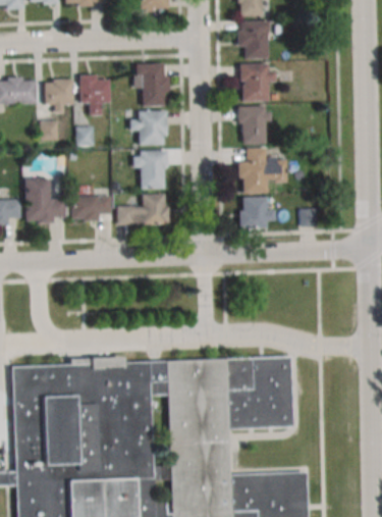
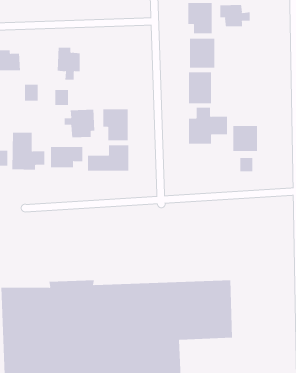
building: none -> [220,4,250,27]
building: [135,62,168,105] -> none
building: [44,79,71,111] -> none
building: [130,110,168,145] -> [64,109,95,138]
building: [239,196,270,227] -> [232,125,258,152]

